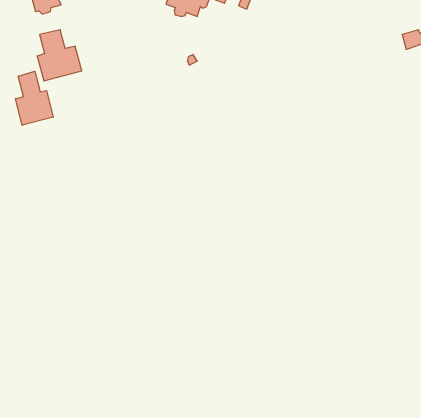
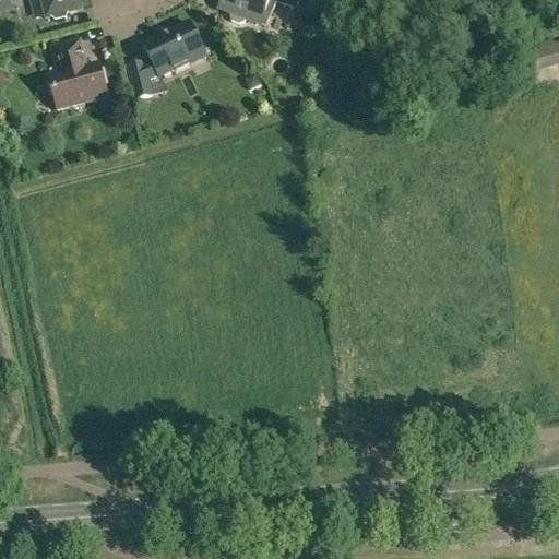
building: none -> [130,21,205,97]
building: [15,71,53,125] -> none

